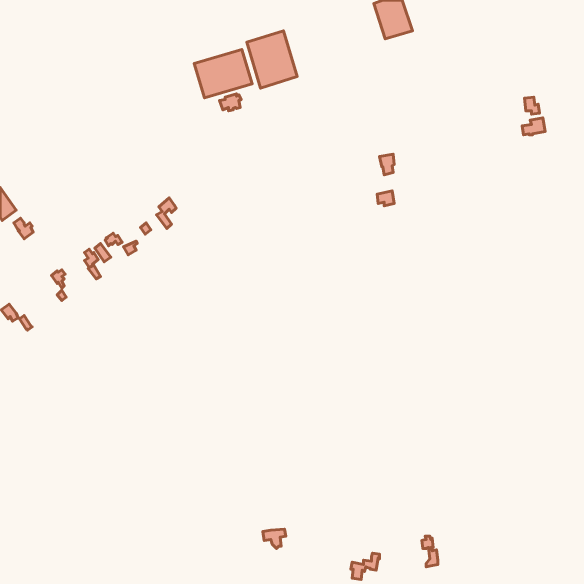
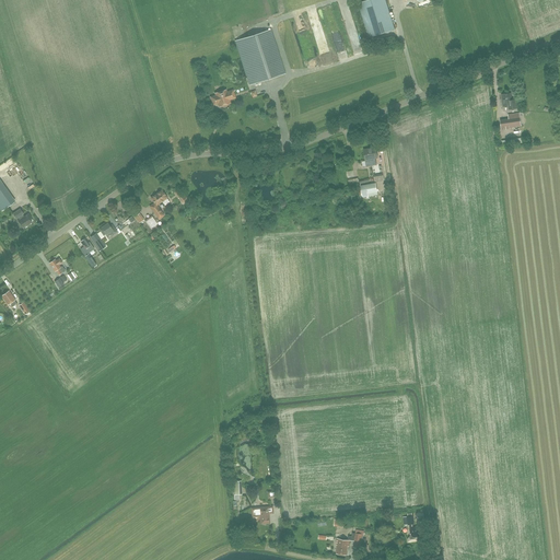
building: [194,50,252,98] -> none

